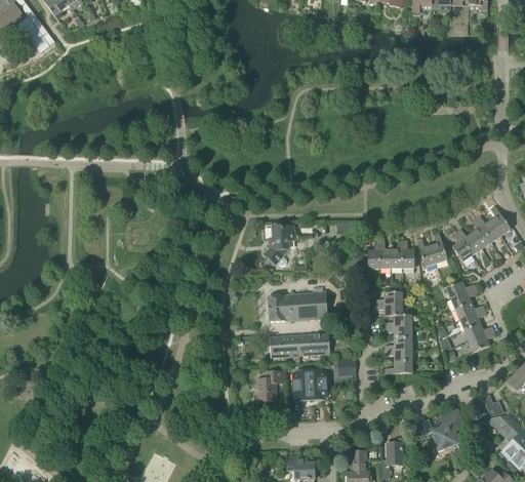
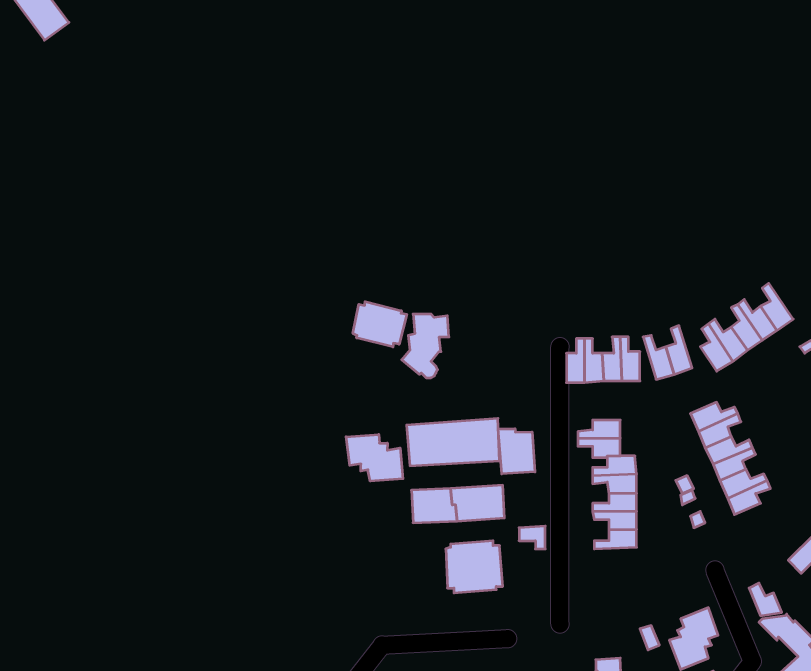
building: none -> [353,302,407,347]
building: none -> [498,429,535,474]
building: none -> [346,434,403,481]
building: [258,370,282,401] -> none

